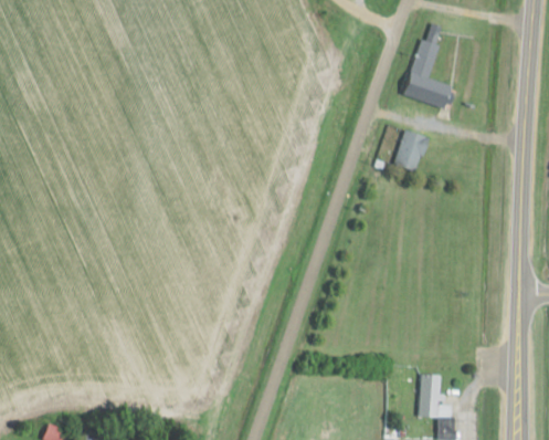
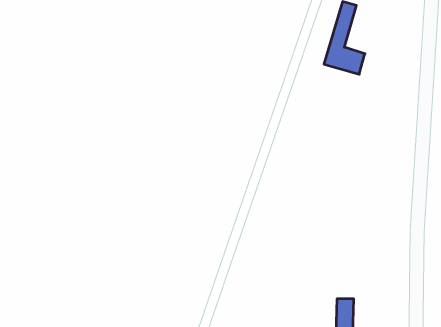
building: [392,129,427,172] -> none

